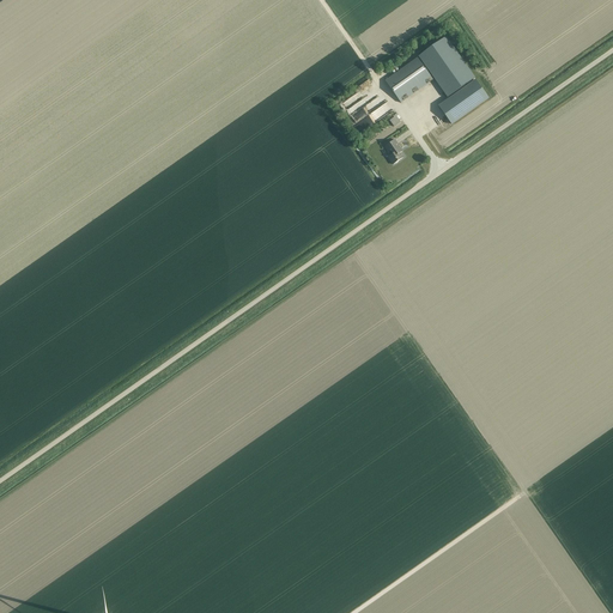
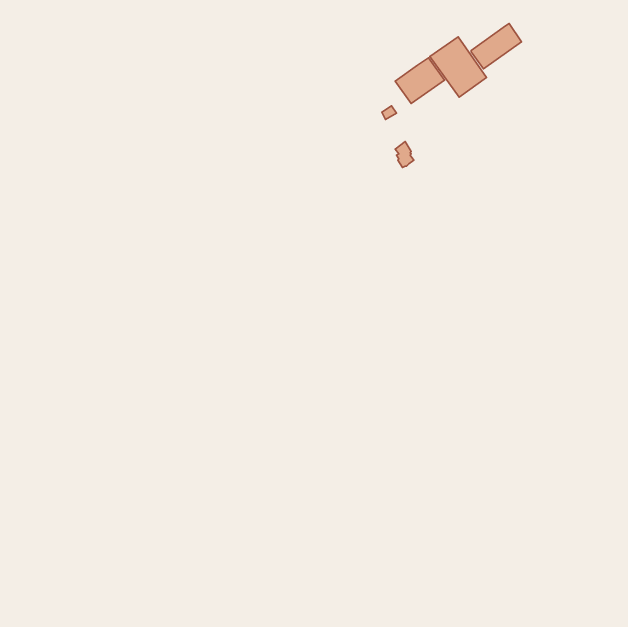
building: [438,78,487,122] -> [471,23,522,69]

